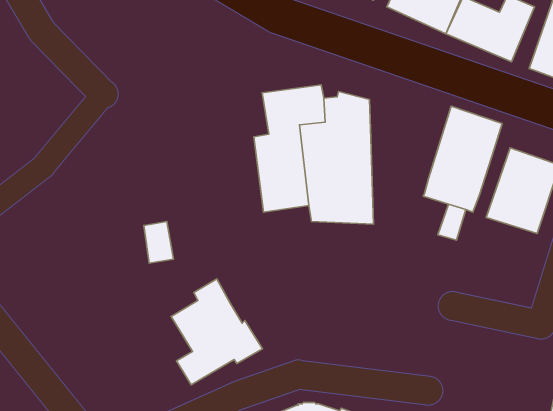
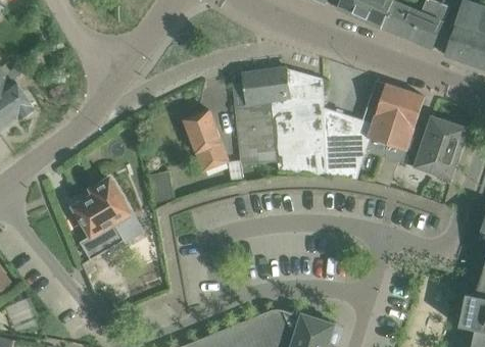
building: none -> [324,81,385,179]
building: none -> [183,110,228,171]
building: [171,279,262,385] -> [75,180,144,260]

